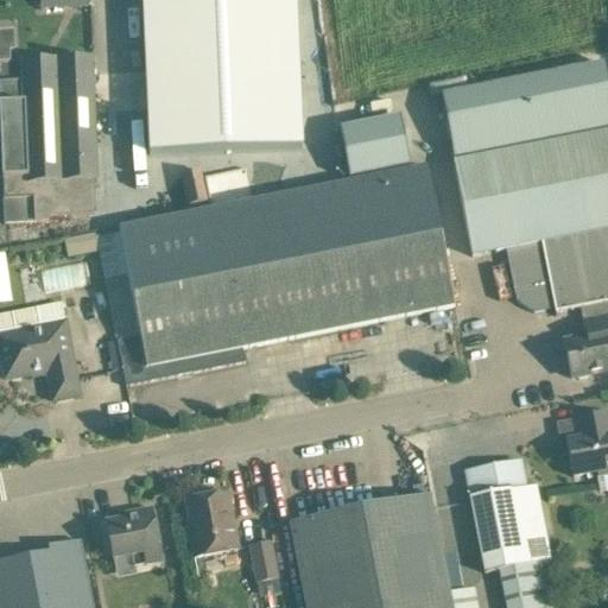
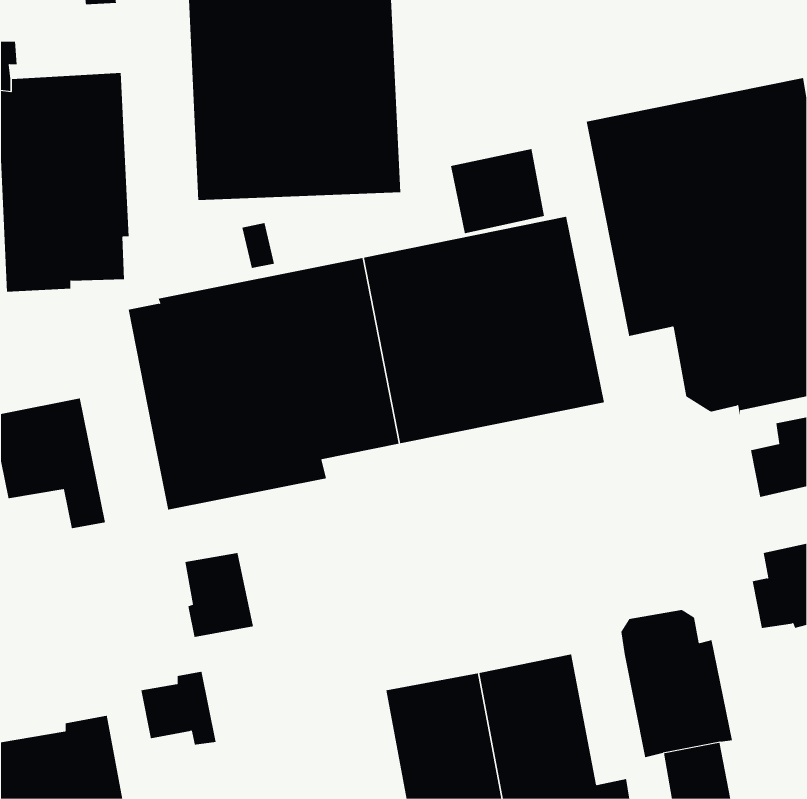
building: [186,490,239,555] -> [184,552,254,638]
building: [248,543,278,580] -> none

